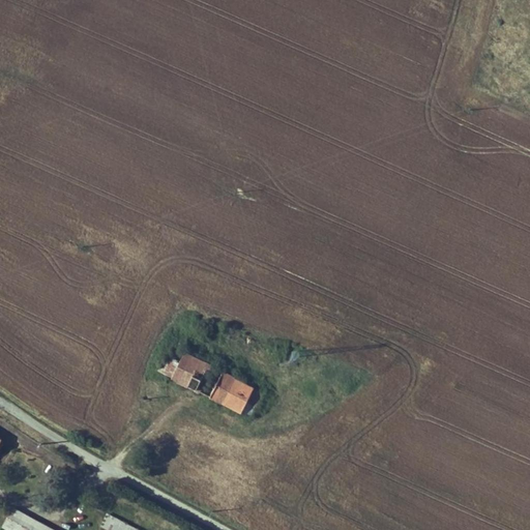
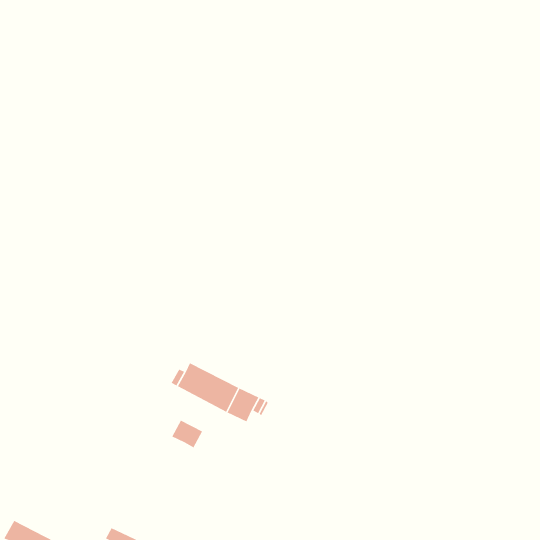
building: none -> [171,419,203,449]

